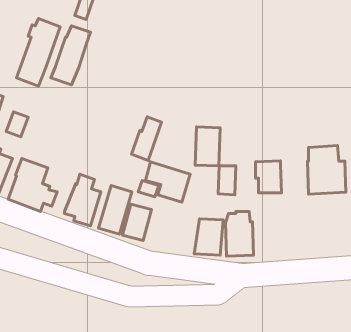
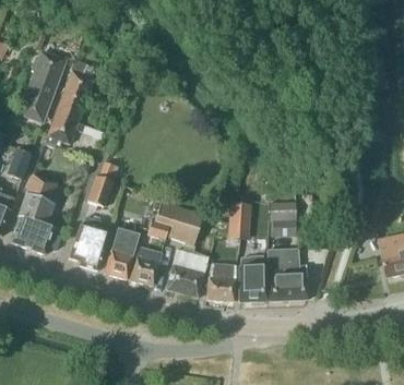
building: none -> [44,113,85,146]
building: [131,117,162,160] -> [87,160,119,206]
building: [195,127,220,166] -> none
building: none -> [24,172,56,208]
building: [308,145,346,194] -> [266,249,307,300]
building: none -> [165,250,207,297]

